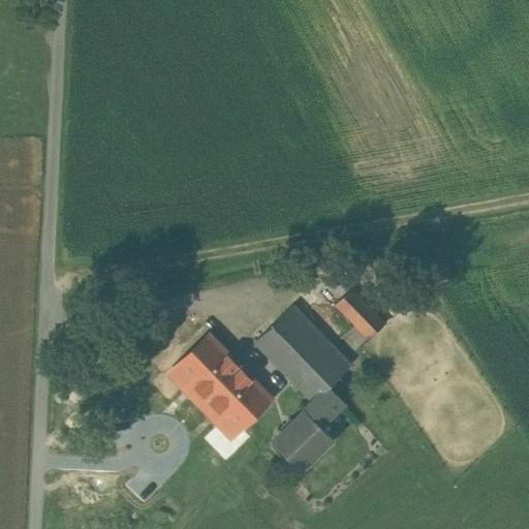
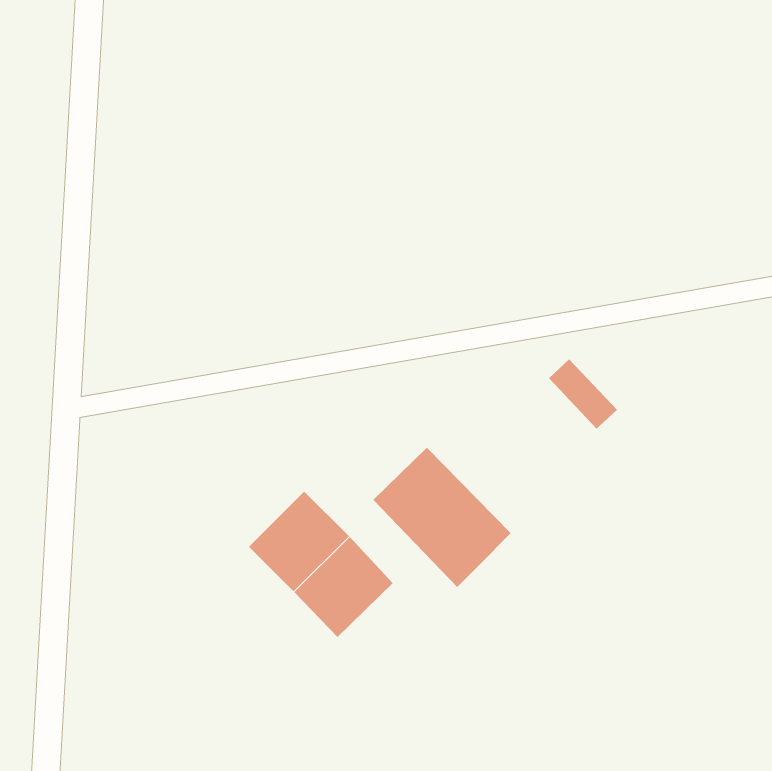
building: [337,291,384,340] -> [548,358,618,430]
building: [273,388,342,470] -> none

